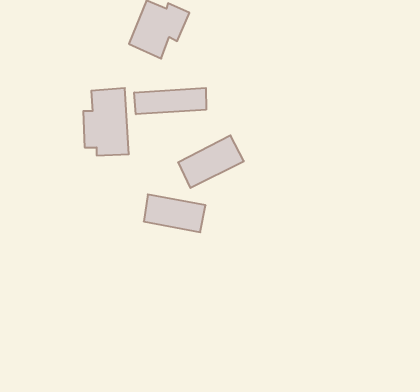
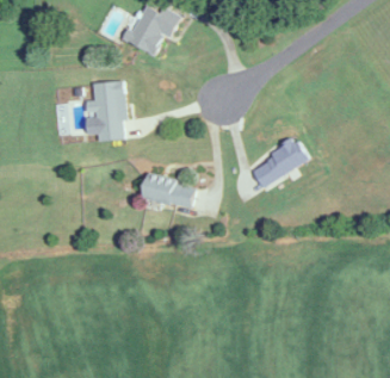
building: [134,88,206,114] -> none
building: [178,135,244,188] -> [249,138,308,185]

